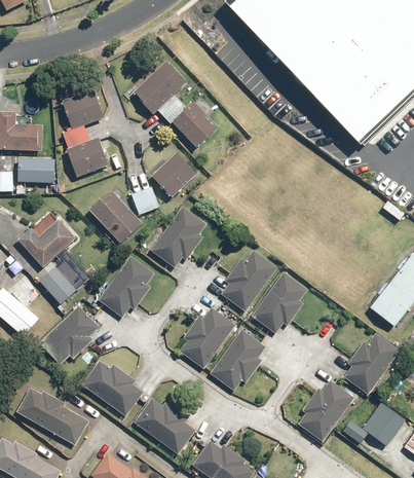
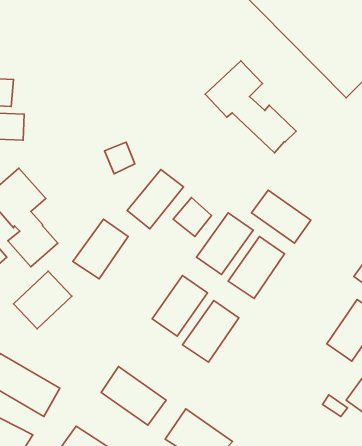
building: [134,60,220,147] -> [205,61,296,153]
building: [62,89,109,176] -> none
building: [153,151,198,197] -> none
building: [91,191,142,242] -> none
building: none -> [252,190,311,243]
building: none -> [173,197,211,236]
building: [80,362,140,417] -> none
building: [294,384,346,443] -> none

